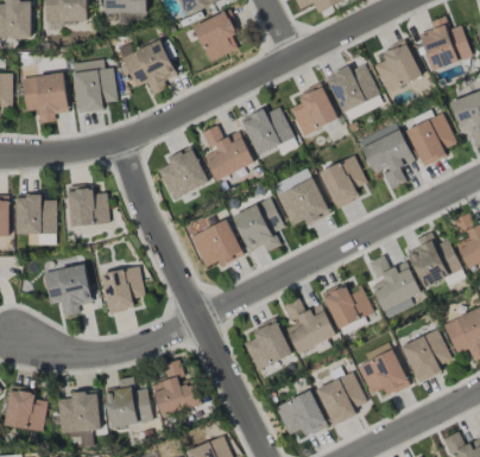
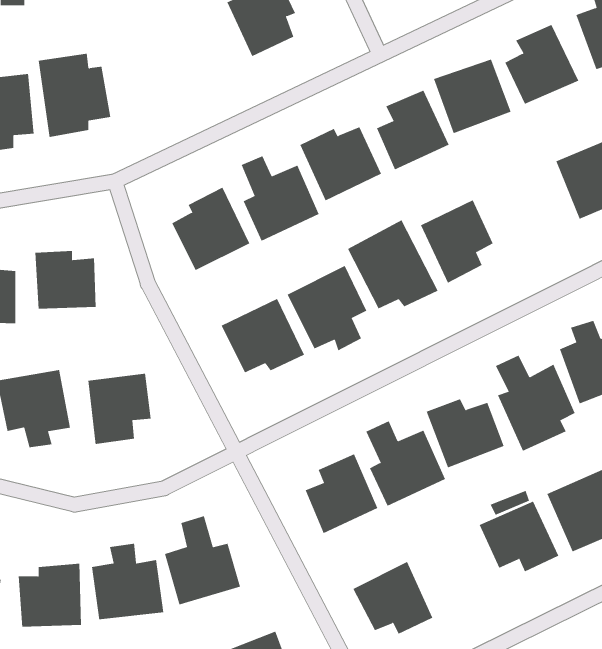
building: [121,40,176,95] -> none
building: [358,123,413,189] -> none
building: [316,372,366,426] -> none

